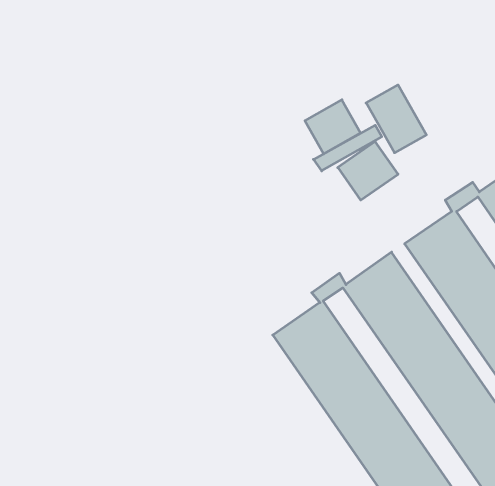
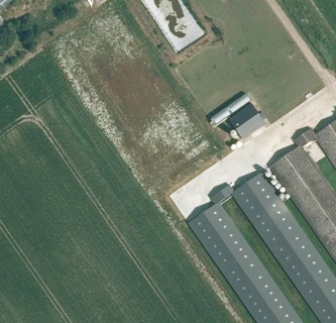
building: [366,85,426,153] -> none
building: [305,100,361,154] -> none

